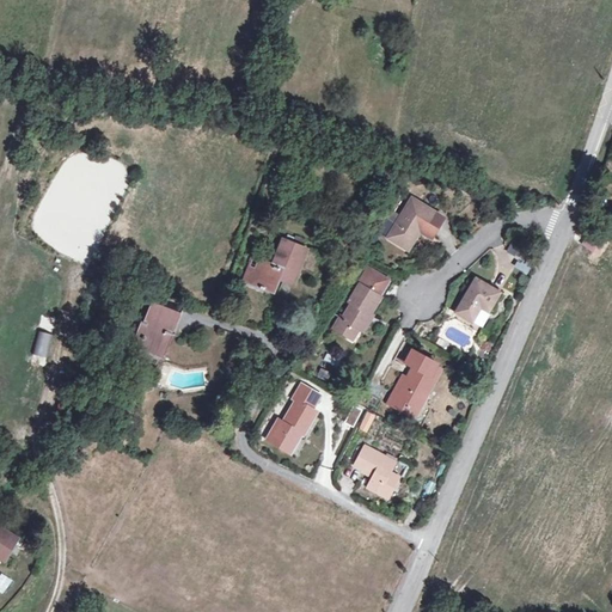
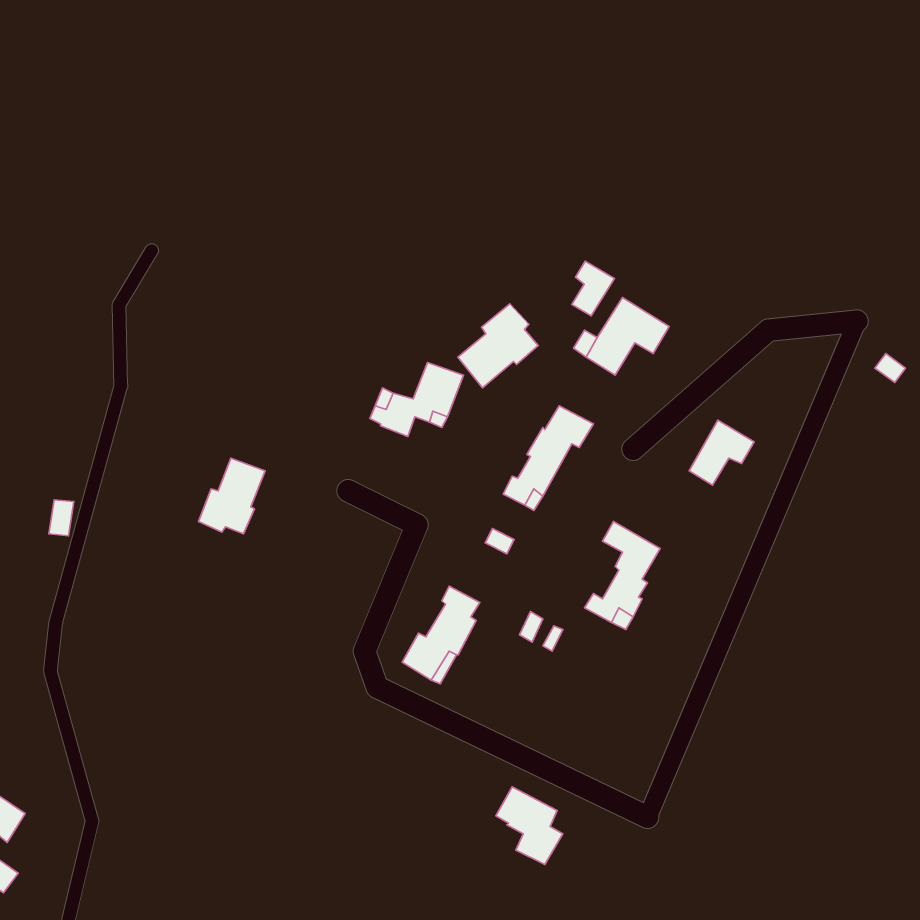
building: none -> [572,261,615,316]
building: none -> [458,304,538,388]
building: [355,446,399,497] -> [496,787,563,865]

